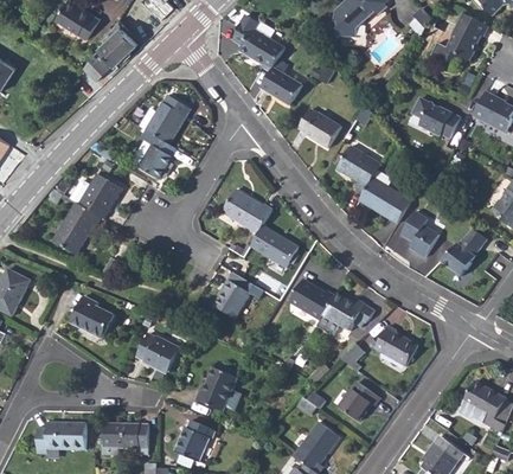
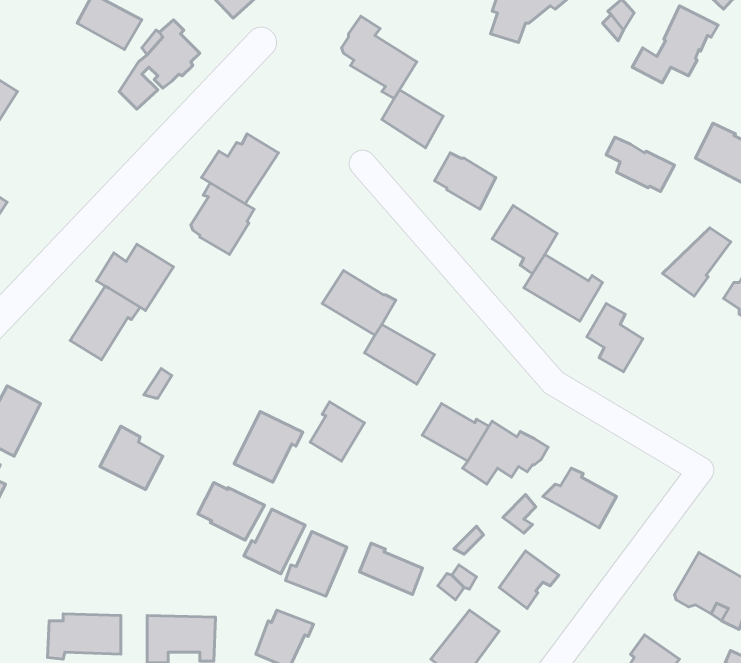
building: [441,230,487,276] -> [662,228,731,296]
building: none -> [234,412,303,482]
building: none -> [244,509,305,574]
building: none -> [360,543,423,595]

